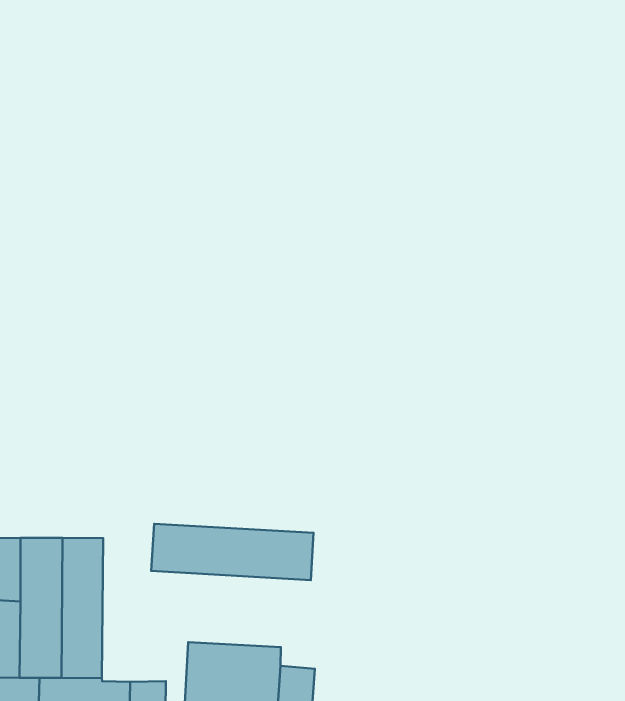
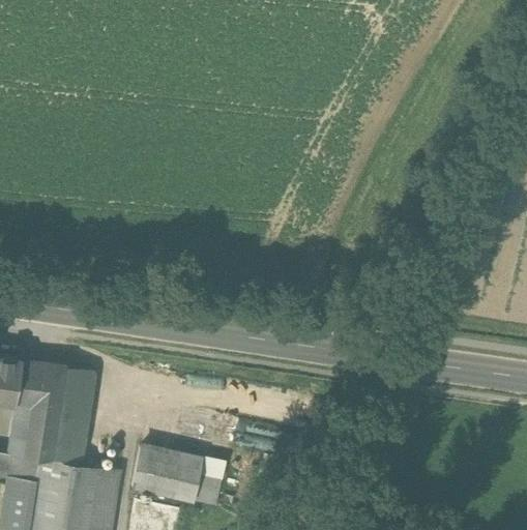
building: [151,524,313,580] -> none

